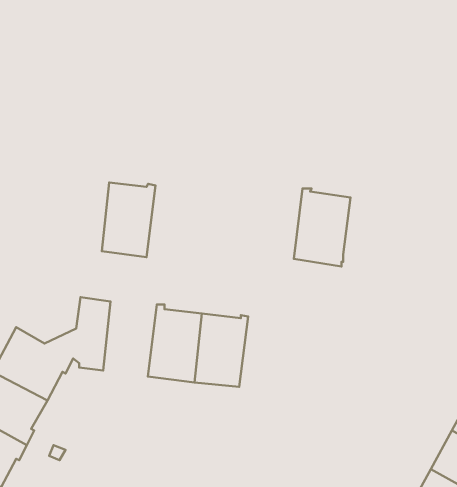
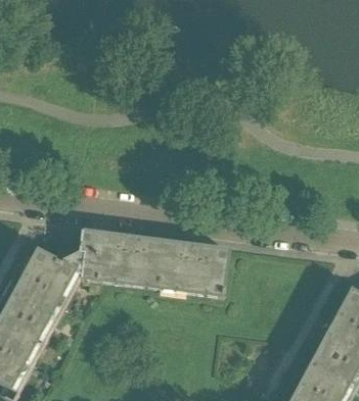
building: [102,182,156,257] -> [96,236,133,287]
building: [294,189,351,266] -> [189,246,228,299]

